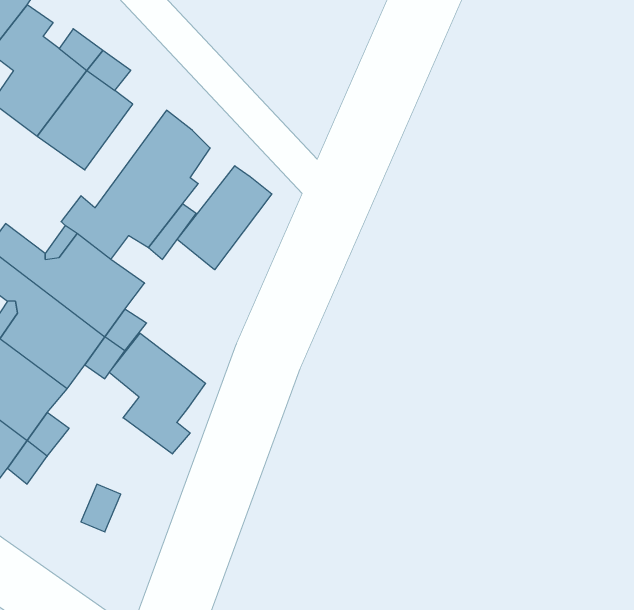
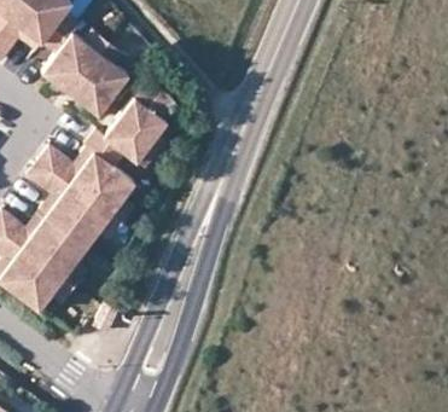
building: [177,166,272,270] -> none
building: [109,333,206,454] -> none

